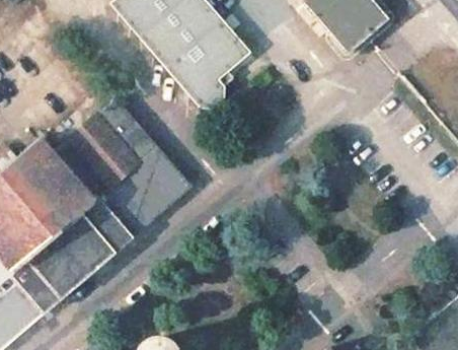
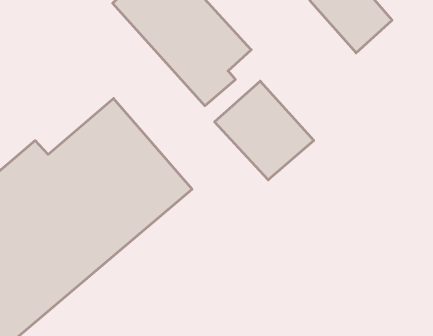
building: none -> [215,81,314,180]

